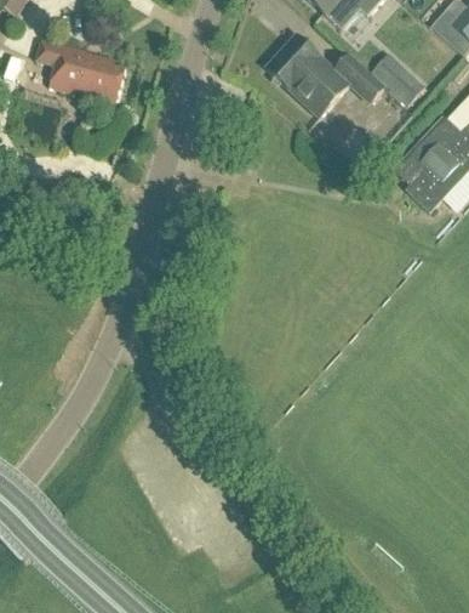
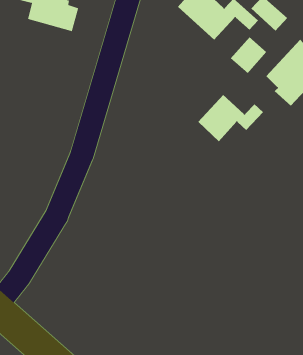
building: none -> [230,37,267,74]
building: none -> [198,94,264,142]

